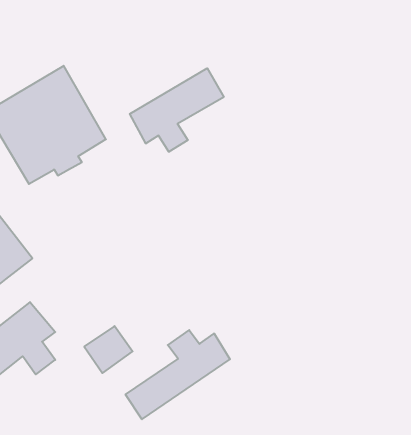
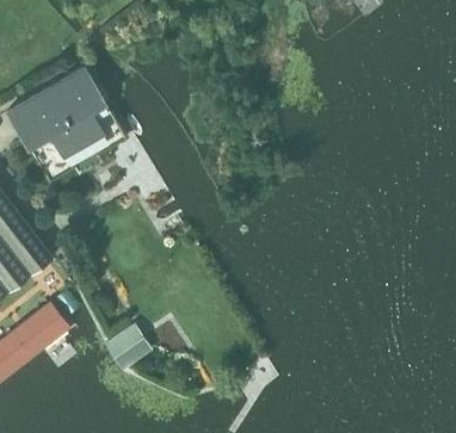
building: [130,68,224,152] -> none
building: [126,330,230,419] -> none

